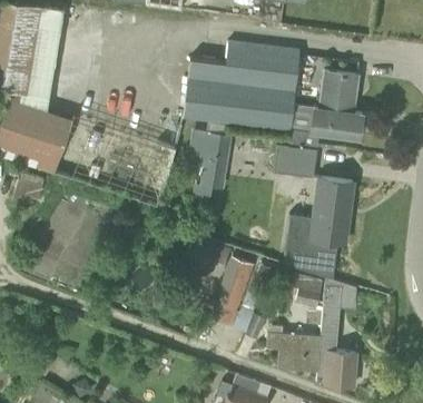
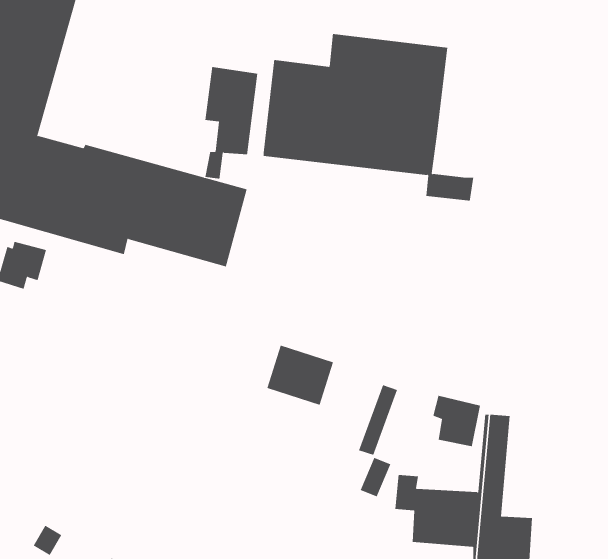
building: [293,71,364,138] -> none
building: [194,131,228,204] -> [204,67,258,179]
building: [275,144,317,176] -> none
building: [284,178,354,279] -> none
building: [212,257,256,326] -> none

